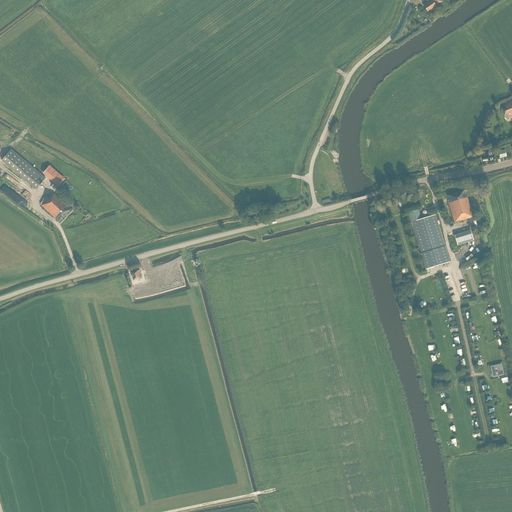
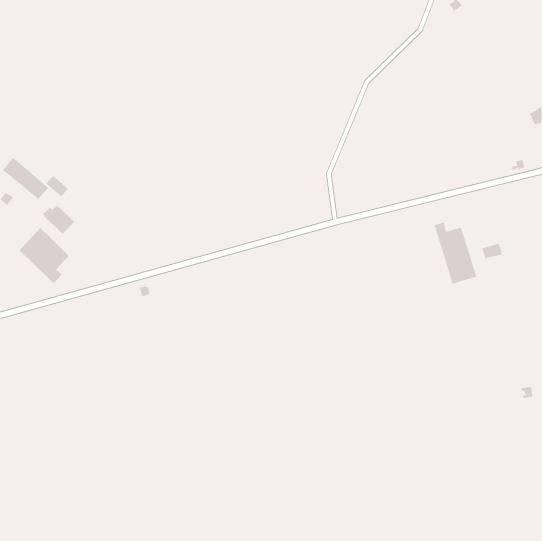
building: [446,189,473,221] -> none
building: none -> [19,227,69,284]

